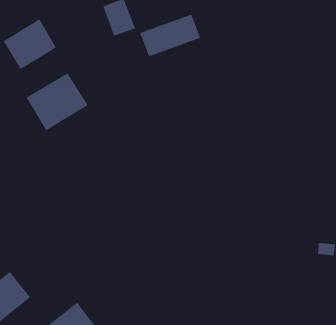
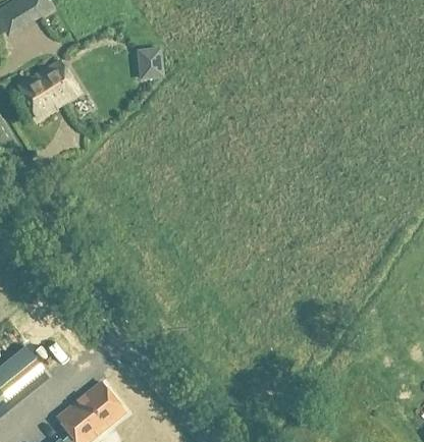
building: [140,14,201,57] -> none
building: [26,72,88,131] -> none

